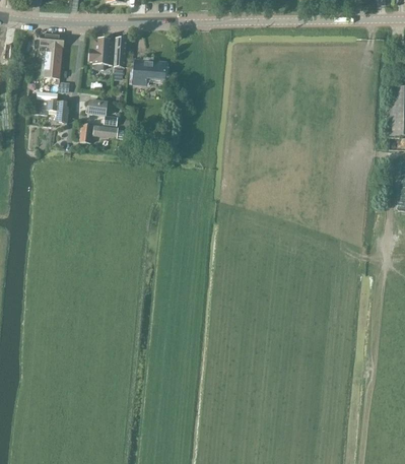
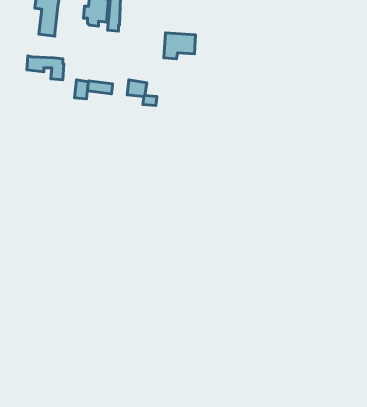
building: [134,59,166,85] -> [164,33,196,59]
building: [88,98,119,125] -> [127,80,157,106]

